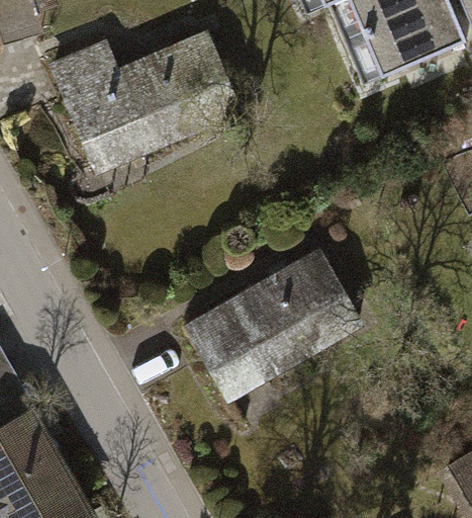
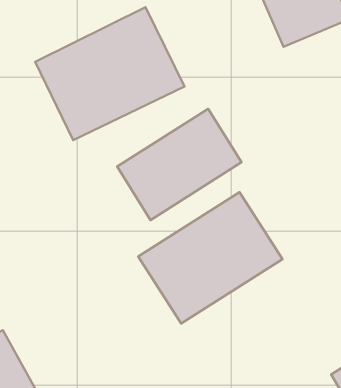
building: none -> [117,109,242,220]

